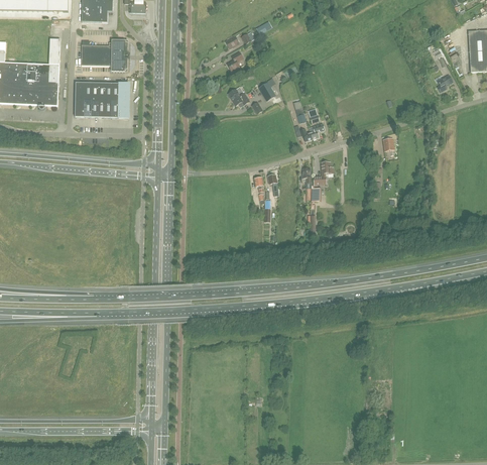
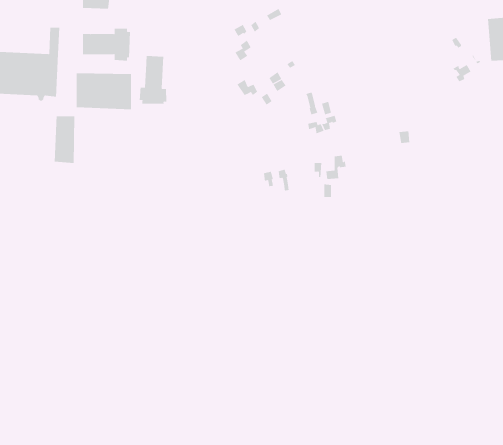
building: none -> [139,55,167,104]
building: none -> [54,115,75,164]

